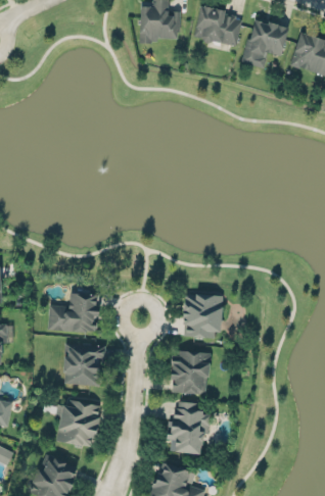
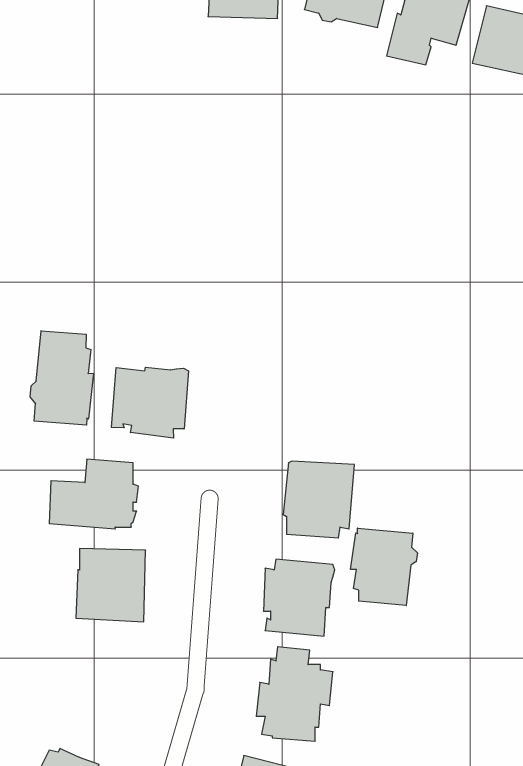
building: none -> [30,331,94,425]
building: none -> [111,367,189,438]
building: none -> [351,528,417,606]
building: [55,400,100,447] -> none

